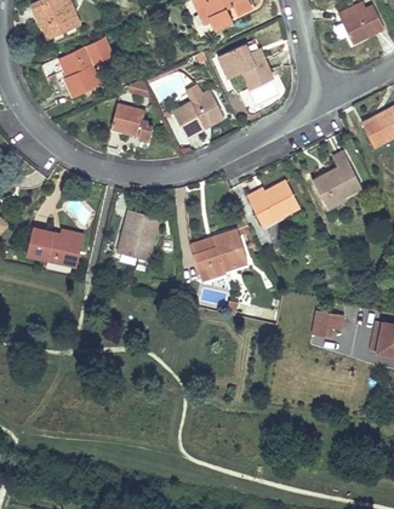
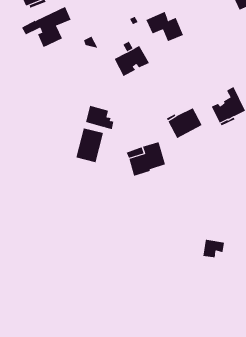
building: [112,103,153,138] -> [85,105,114,130]
building: [27,228,82,265] -> none
building: [313,310,344,337] -> [203,239,225,258]

